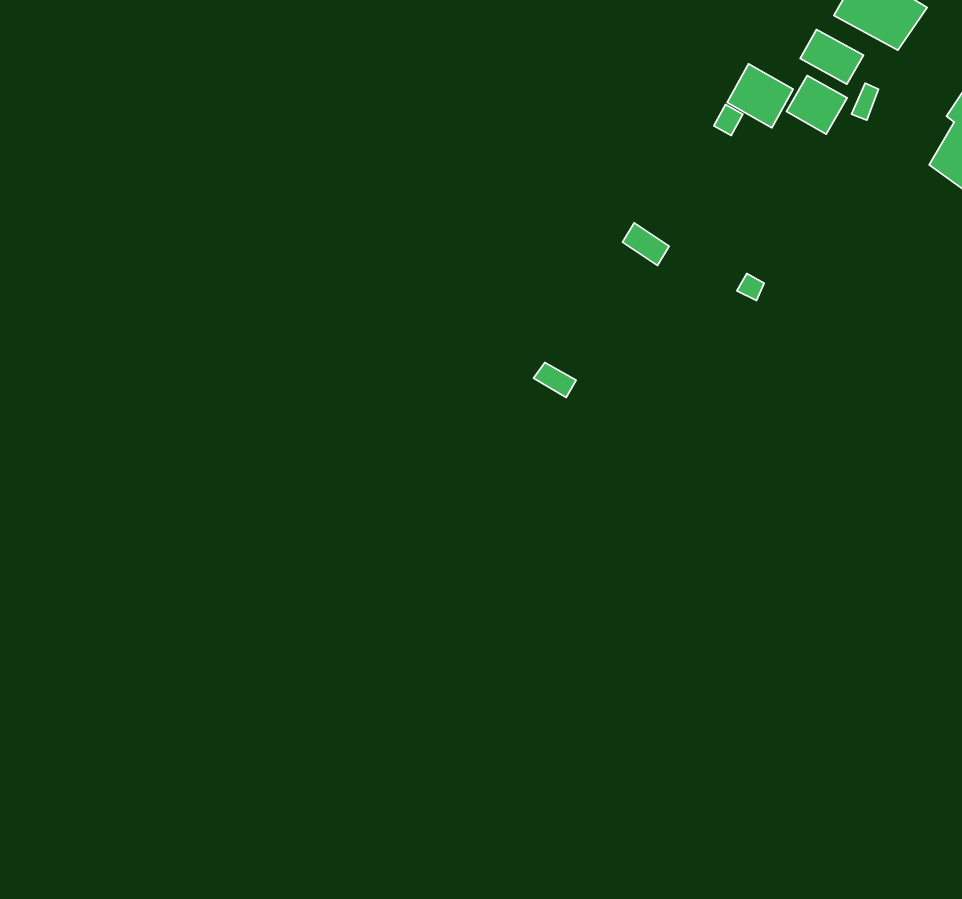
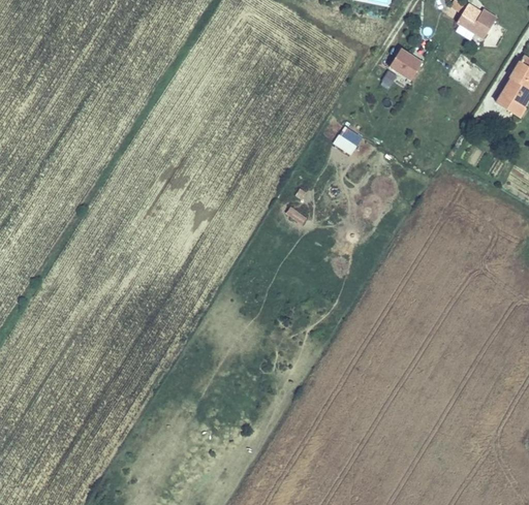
building: [800,30,863,84] -> none
building: [786,75,847,134] -> none

